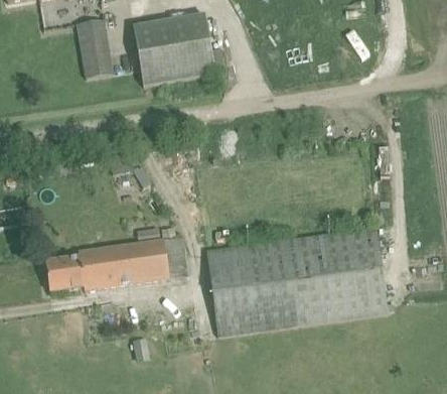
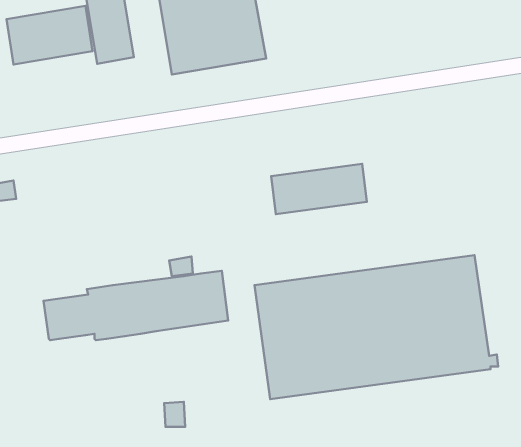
building: none -> [6,6,93,64]
building: none -> [271,164,367,214]

